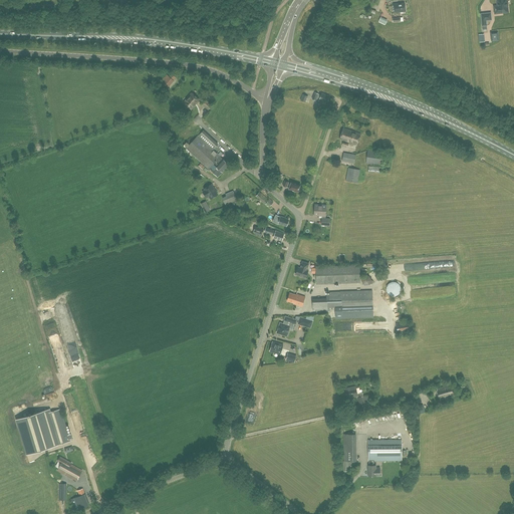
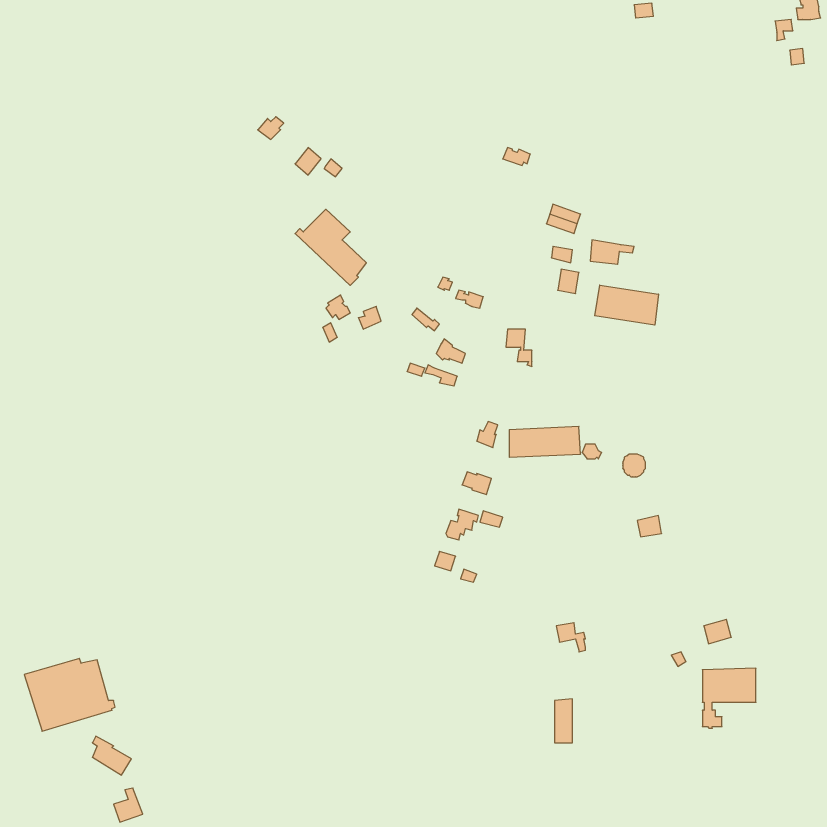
building: none -> [595,285,658,325]
building: [311,289,372,316] -> none
building: [367,439,401,476] -> [702,668,756,728]

